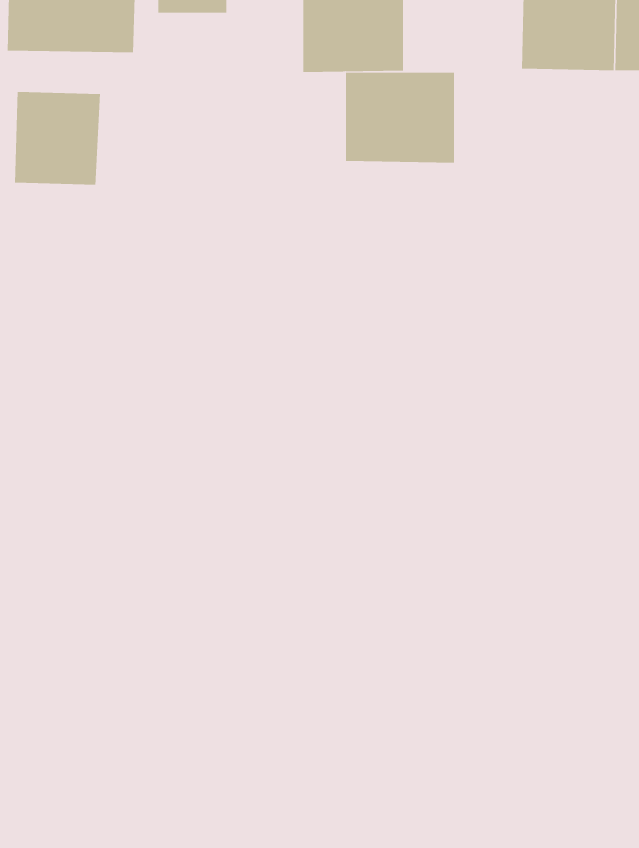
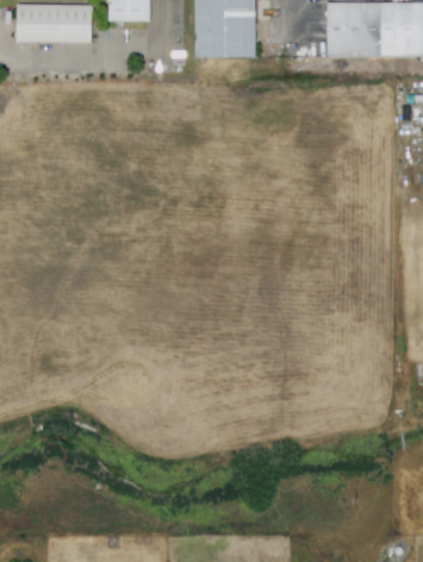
building: [345,72,455,164] -> none
building: [14,91,100,185] -> none

